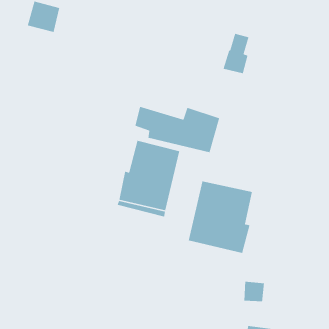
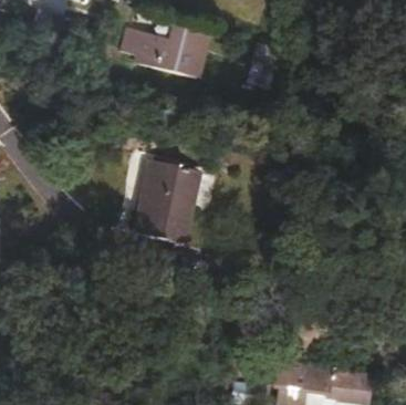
building: [134,106,220,153] -> [123,25,217,77]
building: [188,180,253,254] -> none

